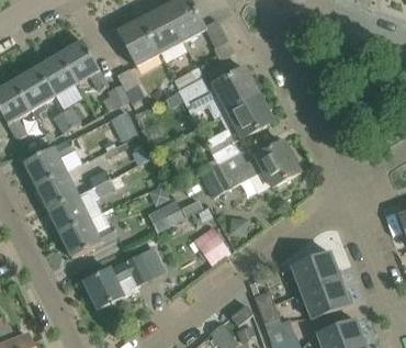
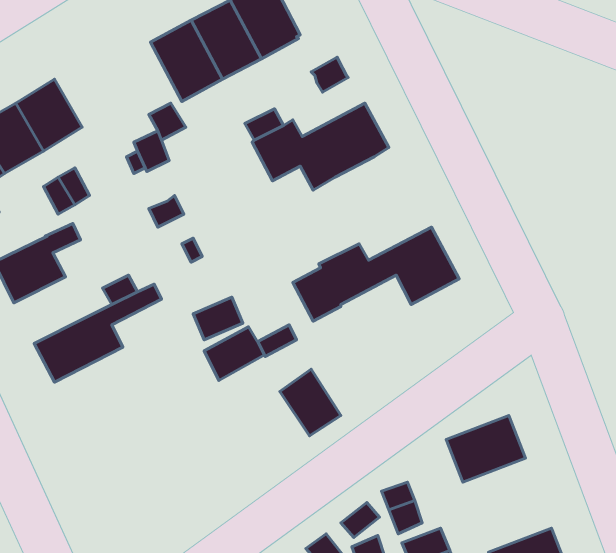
building: [60,40,109,89] -> none
building: [204,93,274,162] -> none
building: [36,170,79,210] -> none
building: [60,212,119,257] -> none
building: [84,252,151,308] -> none
building: [303,278,350,317] -> none

